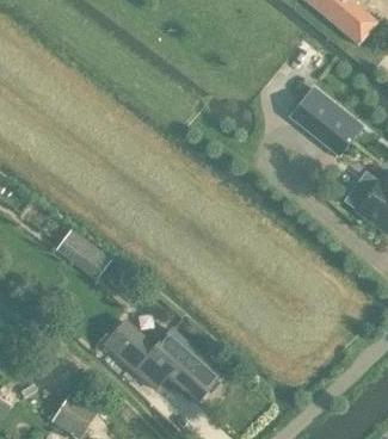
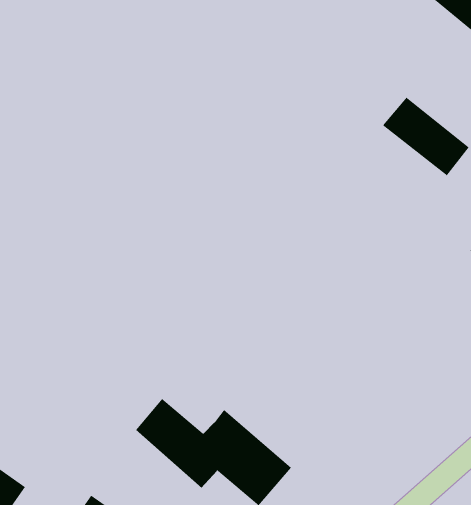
building: [55,229,101,272] -> none

